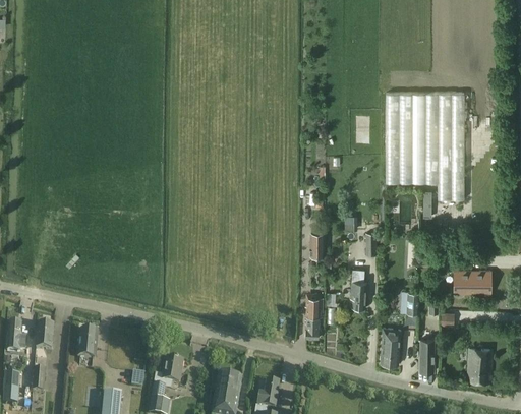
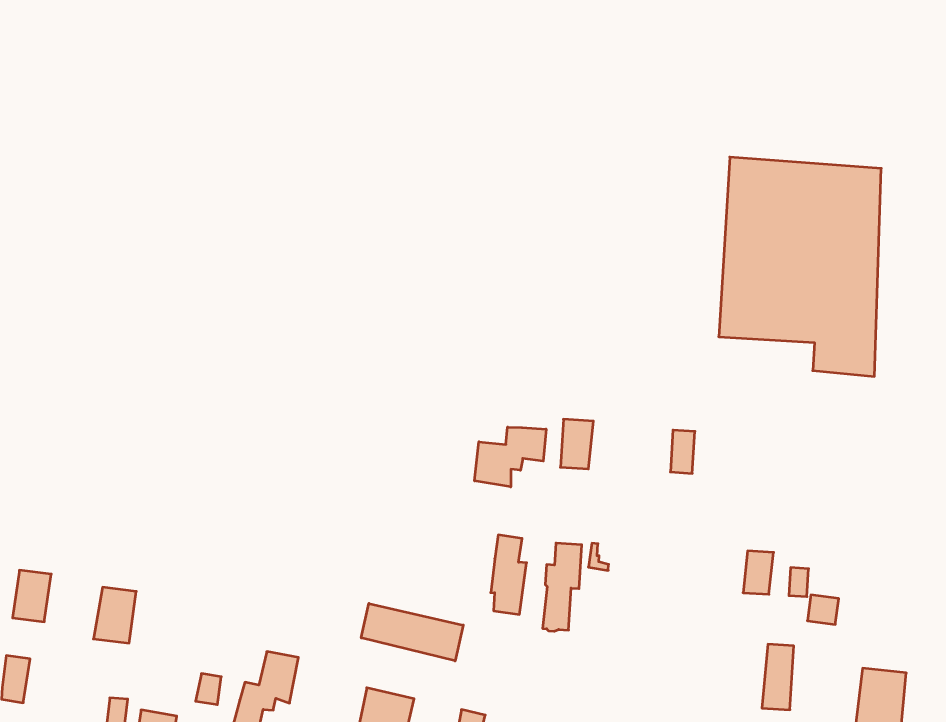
building: none -> [475,427,546,487]
building: [350,269,367,308] -> [491,535,527,614]
building: [454,271,490,293] -> none
building: [380,328,401,364] -> none
building: none -> [361,603,463,661]

